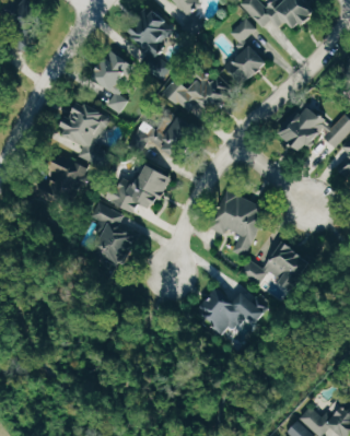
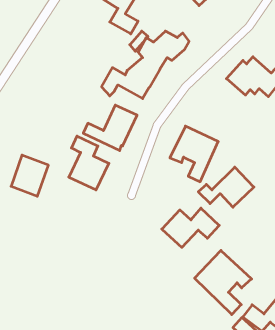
building: [224,45,267,85] -> none
building: [91,50,135,114] -> none
building: [59,101,108,151] -> none
building: [44,154,89,203] -> [11,155,48,196]
building: none -> [195,250,252,315]

